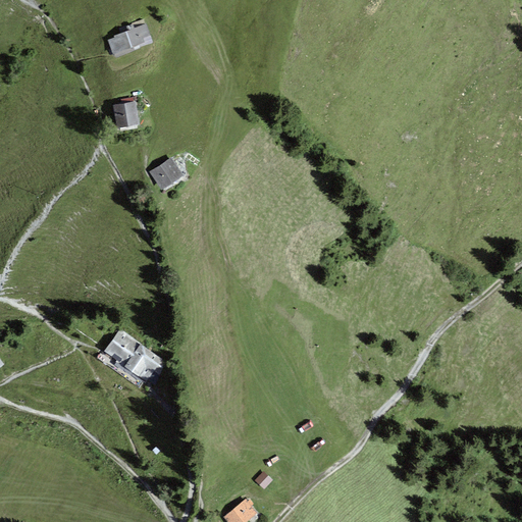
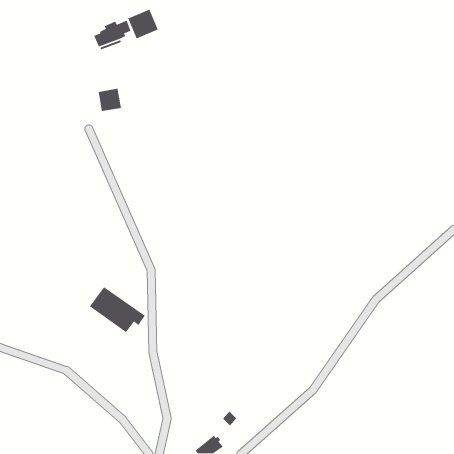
building: none -> [127,9,159,40]
building: [149,157,184,190] -> none

